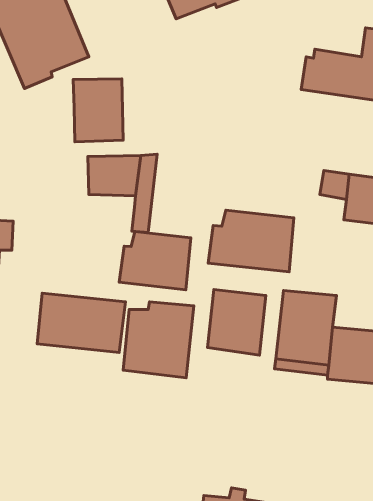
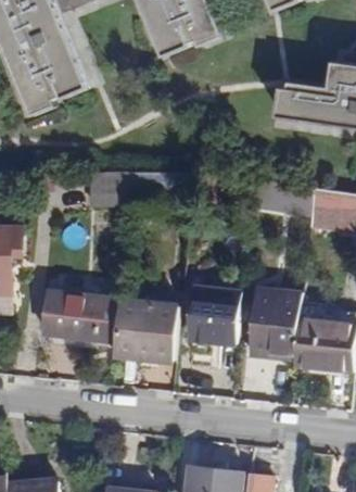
building: [73,79,123,142] -> none
building: [208,210,294,272] -> none
building: [119,231,191,290] -> none

